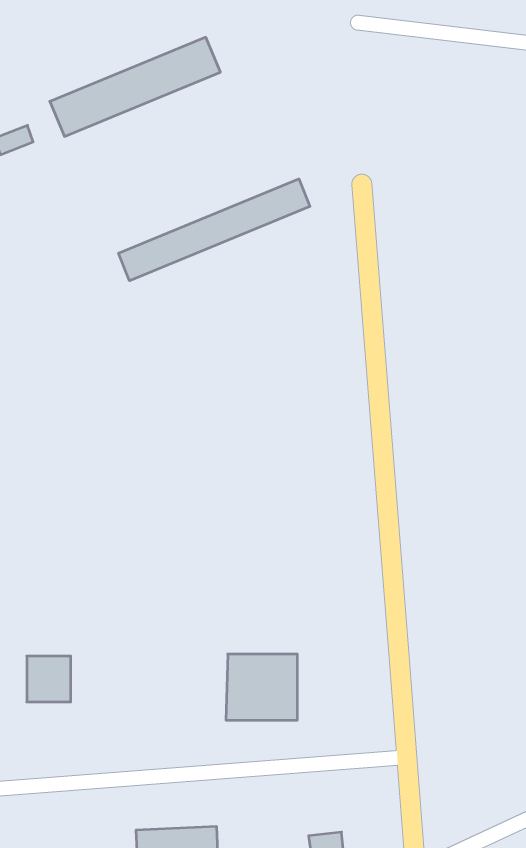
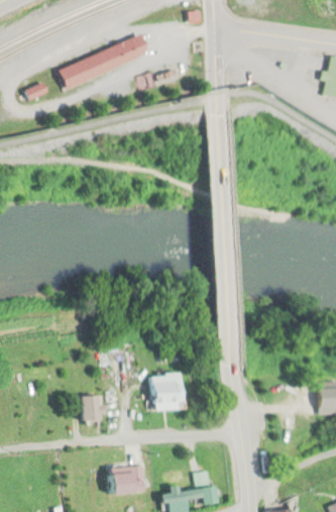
building: [119,179,310,281] -> none
building: [27,656,71,702] -> [79,396,103,421]

